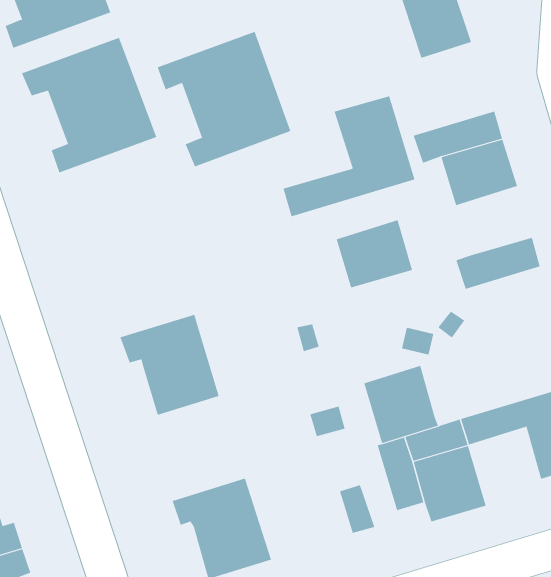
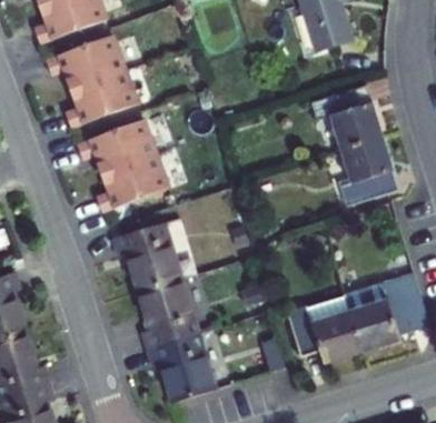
building: [157,31,291,167] -> [79,120,170,212]
building: [283,96,415,217] -> none
building: [336,219,413,288] -> [341,137,394,183]
building: [363,365,439,444] -> [350,300,402,353]
building: none -> [139,279,199,350]

